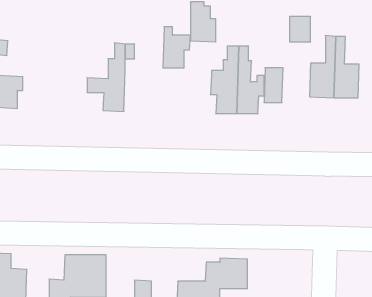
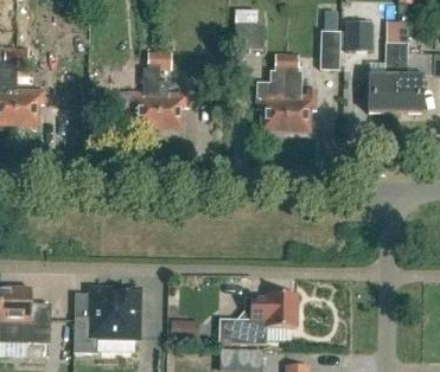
building: [163,27,190,68] -> [159,82,190,128]
building: [264,68,283,103] -> [318,31,339,70]

